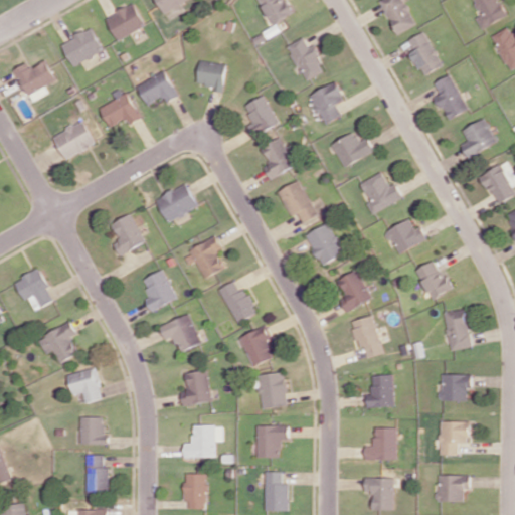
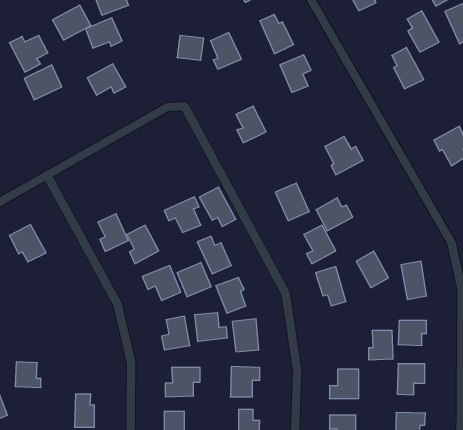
building: [407,31,443,76] -> [407,11,439,52]
building: [137,71,177,105] -> [85,18,122,48]
building: [244,96,279,136] -> [210,33,242,69]
building: [461,119,496,157] -> none
building: [52,121,94,159] -> [24,65,62,100]
building: [330,132,373,167] -> none
building: [277,180,317,223] -> [199,187,236,227]
building: [155,183,197,222] -> none
building: [111,214,144,255] -> [98,214,128,251]
building: [385,218,425,254] -> [316,198,353,231]
building: [415,260,451,300] -> [356,251,388,288]
building: none -> [177,262,211,297]
building: [36,321,77,364] -> none
building: none -> [195,312,227,342]
building: [66,367,102,403] -> none
building: [366,375,393,407] -> [368,331,393,360]
building: [78,416,107,445] -> [15,362,41,388]

